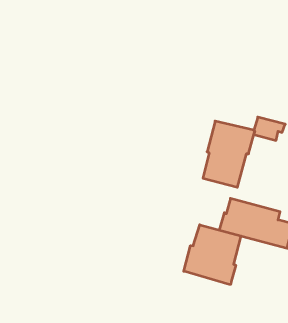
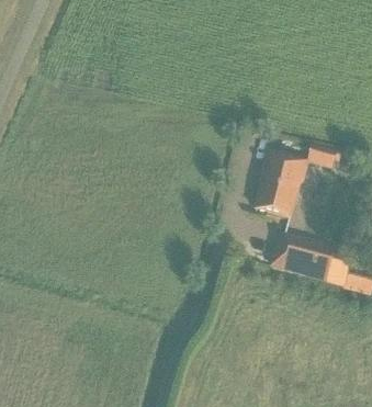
building: [184,225,241,284] -> none

